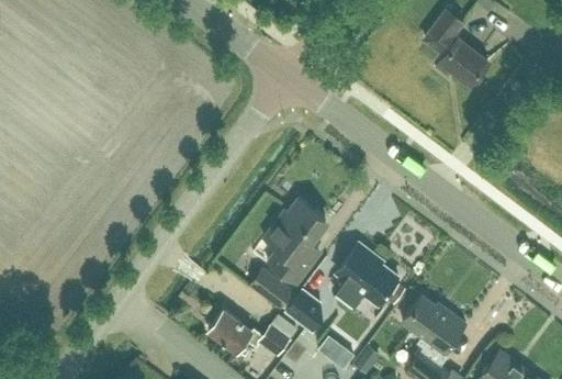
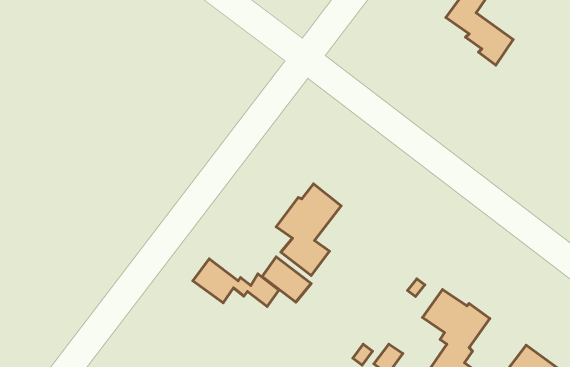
building: [333,244,398,306] -> none
building: [288,287,324,330] -> none
building: [209,310,290,355] -> [193,259,279,306]

